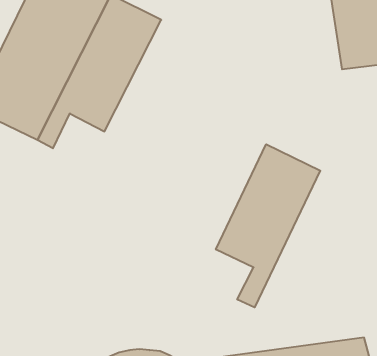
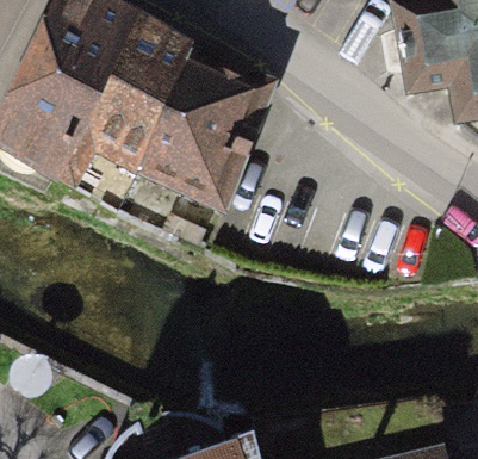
building: none -> [136,44,281,213]
building: [216,144,320,307] -> none

